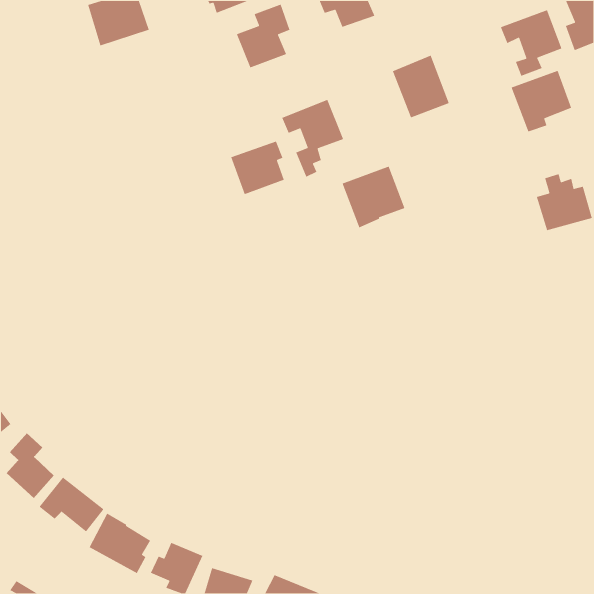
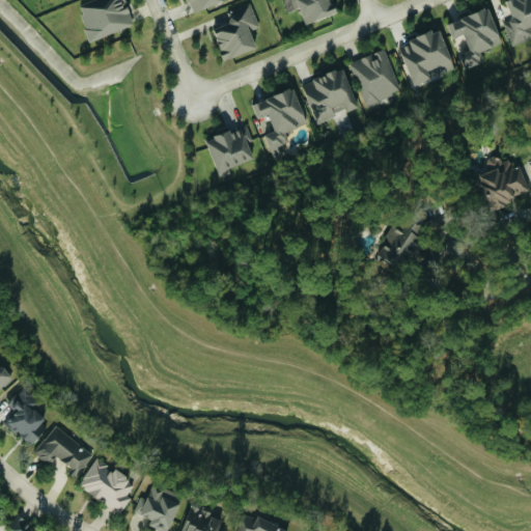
building: [510,70,572,133] -> [397,30,452,86]
building: [341,166,405,228] -> [301,68,358,124]
building: none -> [378,224,422,269]

